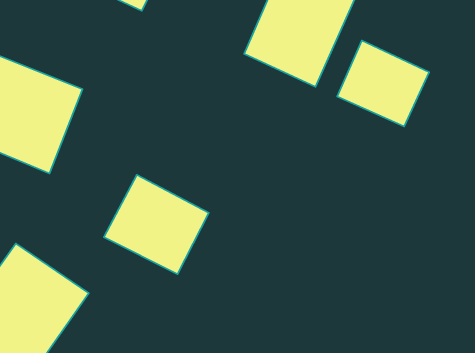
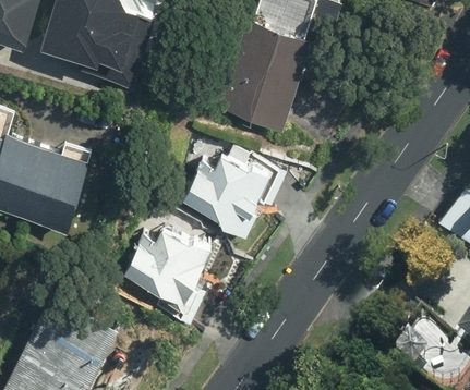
building: [337,41,429,126] -> none
building: none -> [183,154,272,236]

